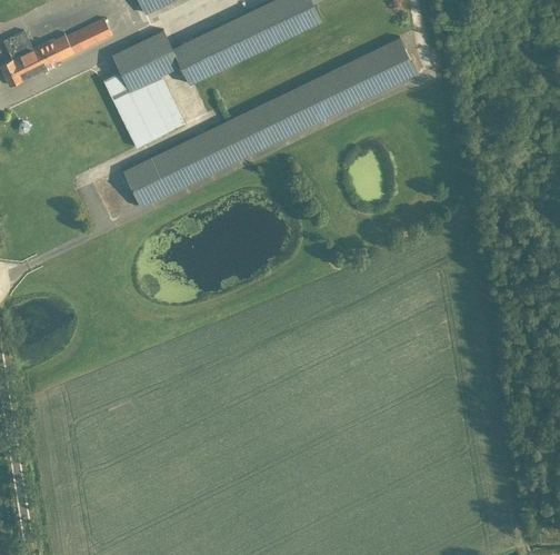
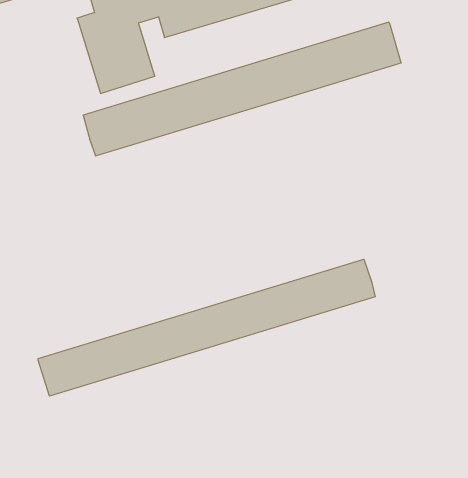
building: none -> [38,259,375,396]

